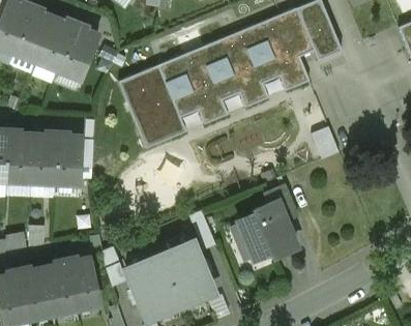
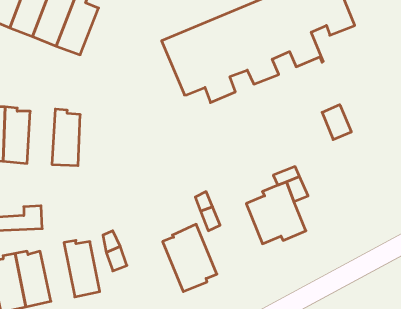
building: [119,65,188,148] -> none
building: [30,130,57,183] -> none
building: [126,257,179,316] -> none
building: [42,258,76,314] -> none

